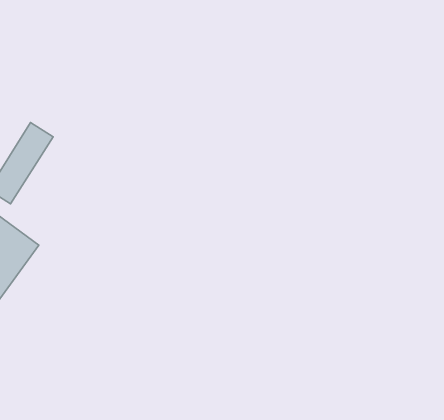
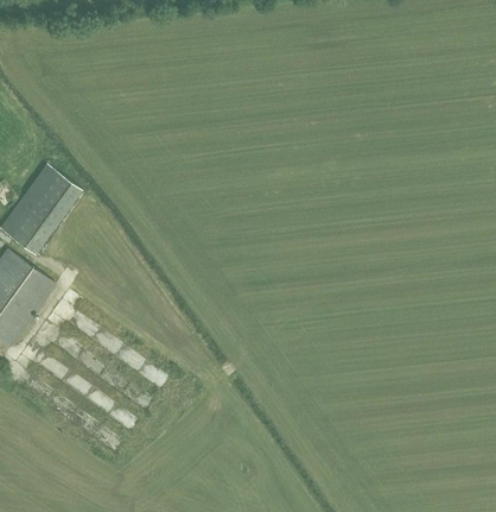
building: none -> [24,177,84,254]

